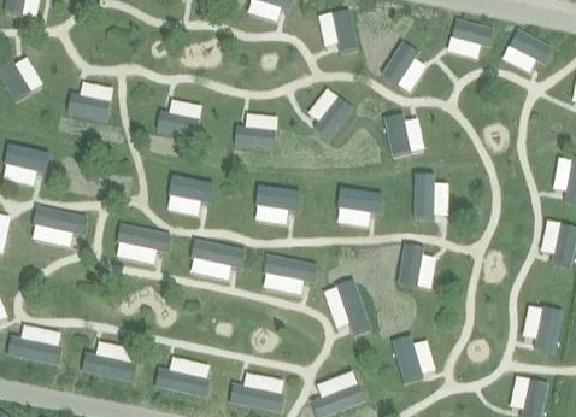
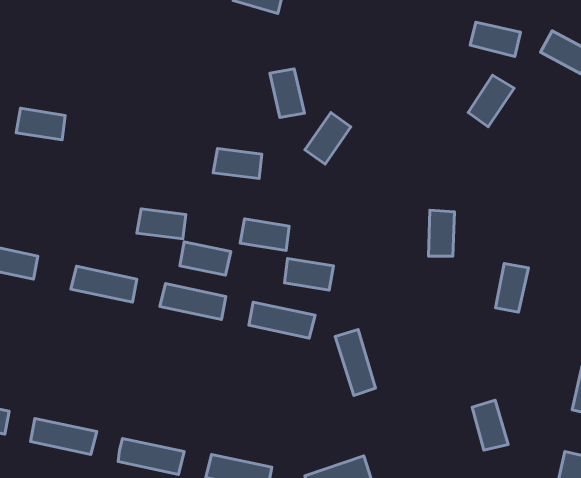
building: [329,7,358,48] -> [270,69,304,118]
building: [382,45,421,88] -> [468,75,514,127]
building: [157,110,198,135] -> none
building: [386,114,410,154] -> none
building: [337,189,378,216] -> [284,259,333,290]
building: none -> [180,242,231,275]
building: [400,246,428,287] -> [496,263,529,312]
building: [393,334,423,376] -> [472,400,508,450]

